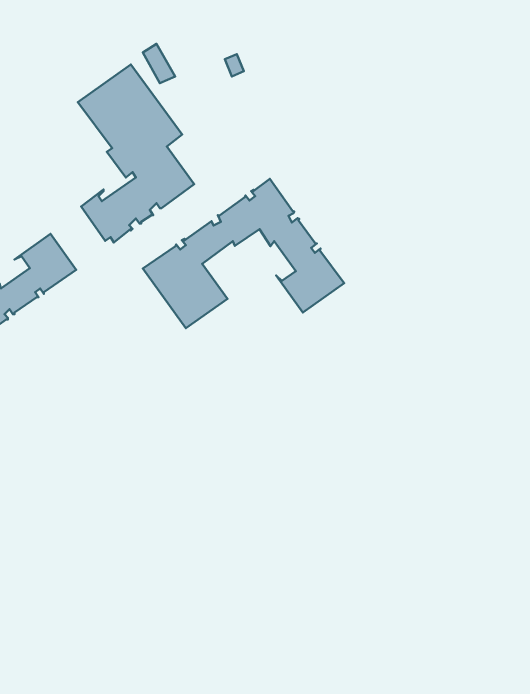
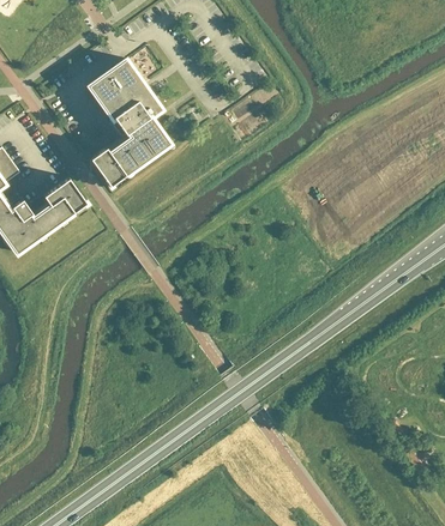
building: [143,179,344,328] -> none

